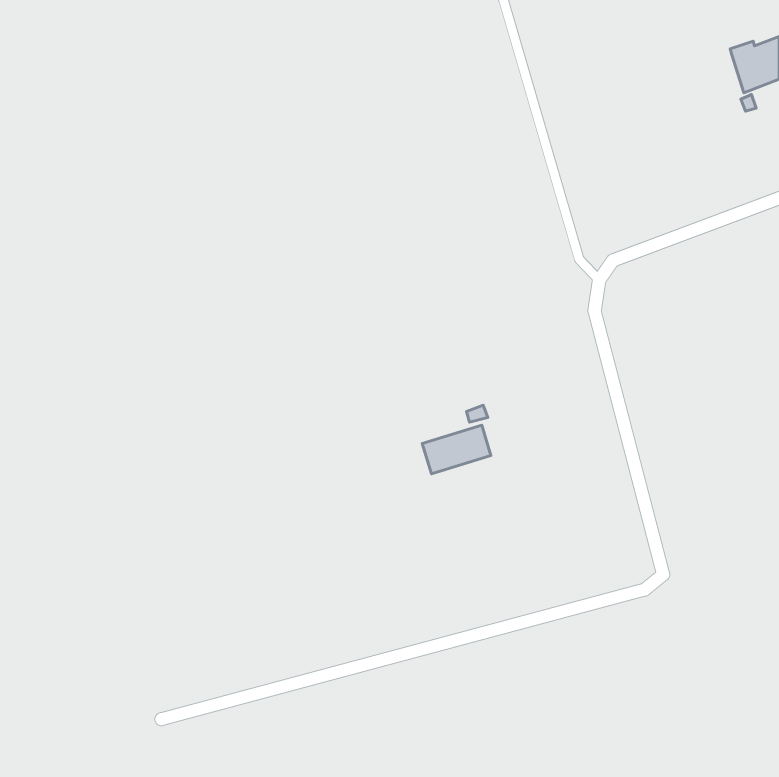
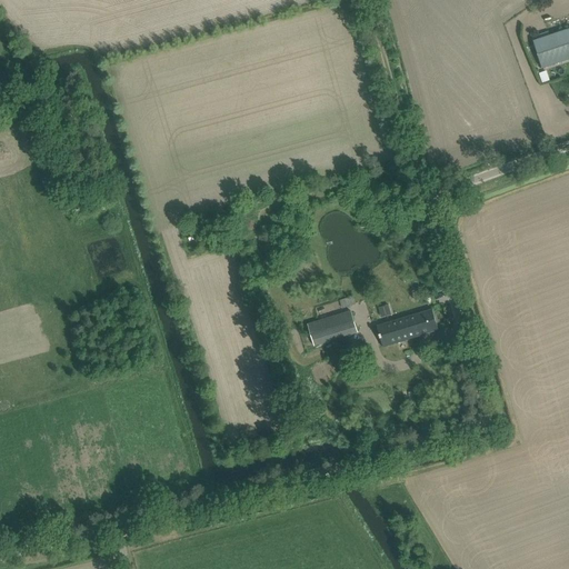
building: none -> [378,309,439,346]

